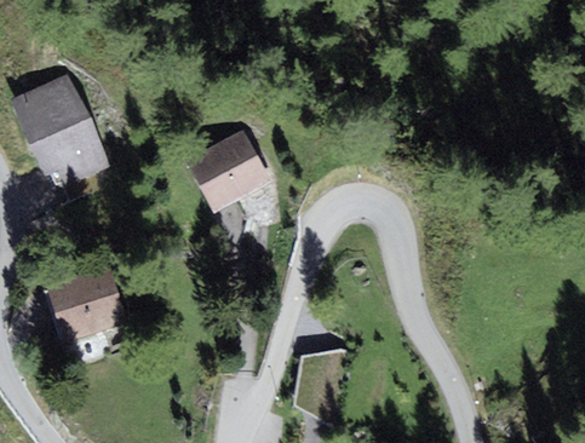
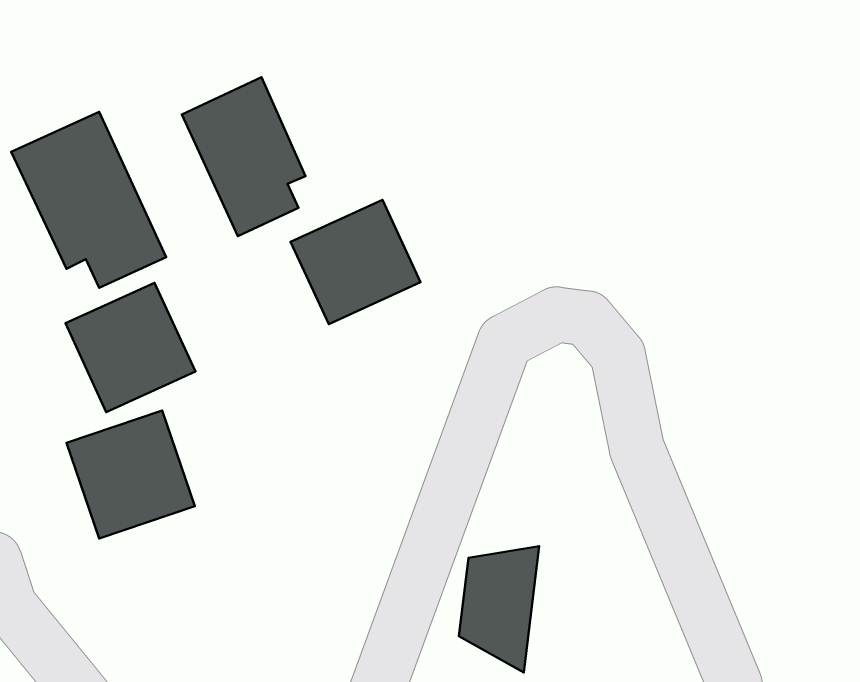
building: none -> [182,77,306,236]
building: none -> [65,283,195,412]

